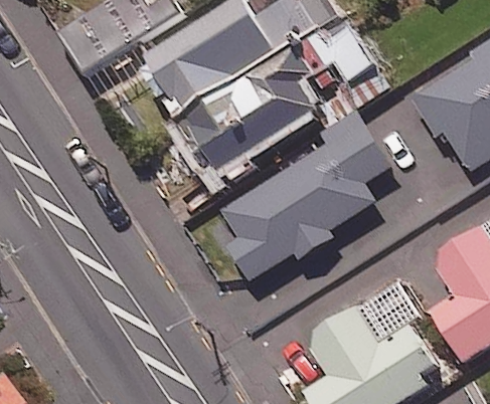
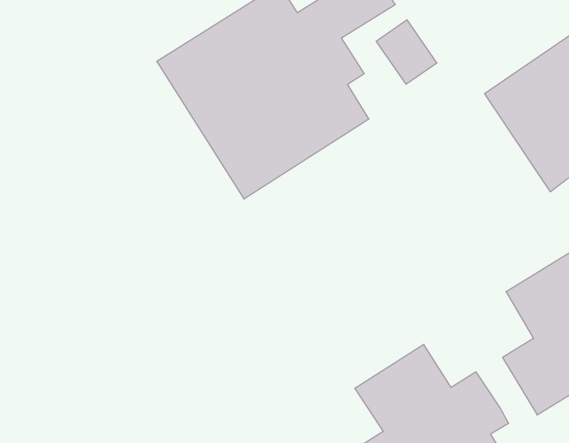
building: [200,110,392,282] -> none

